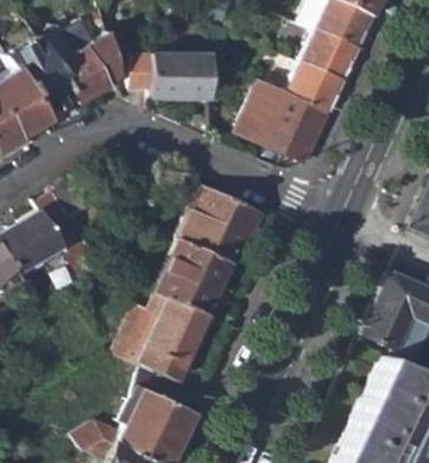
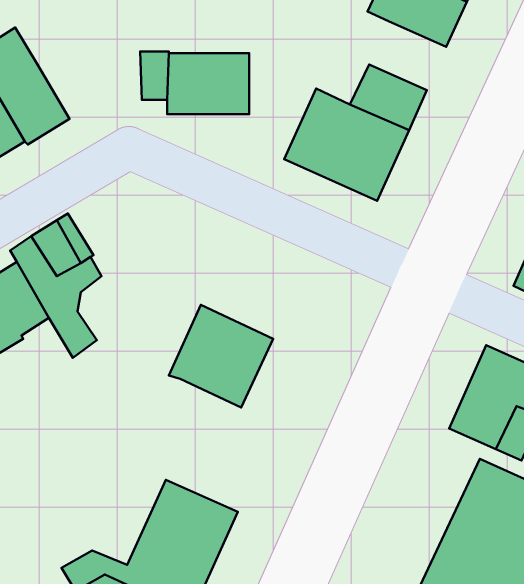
building: [42,25,120,102] -> none
building: [304,30,361,81] -> none
building: [179,187,266,265] -> none
building: [119,295,209,367] -> none

